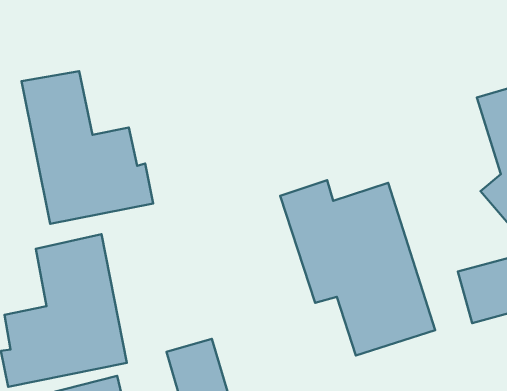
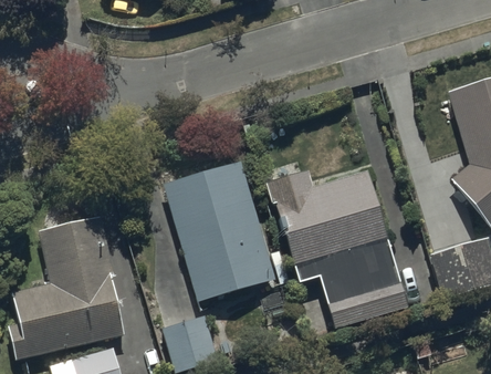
building: [21,71,153,224] -> none
building: none -> [164,162,278,302]

